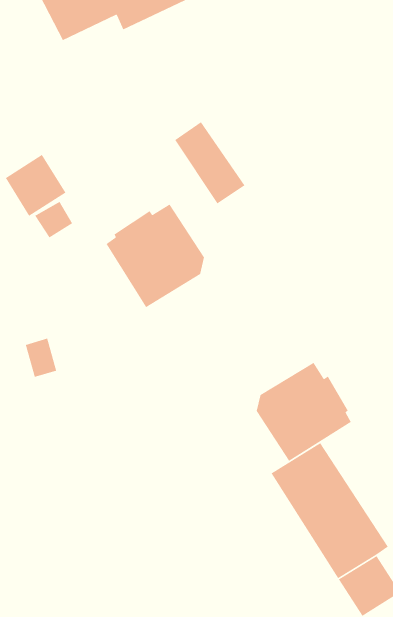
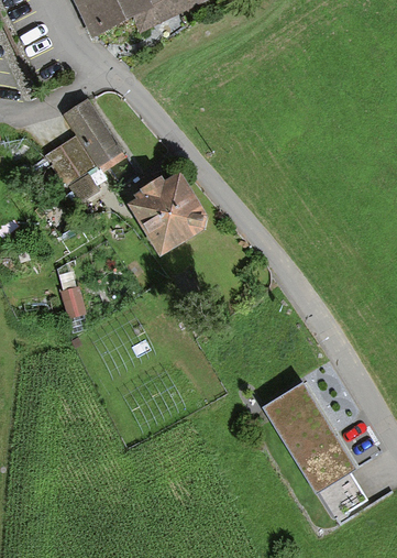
building: [174,121,245,204] -> [63,97,121,165]
building: [256,362,352,462] -> none

